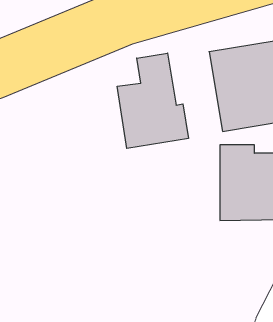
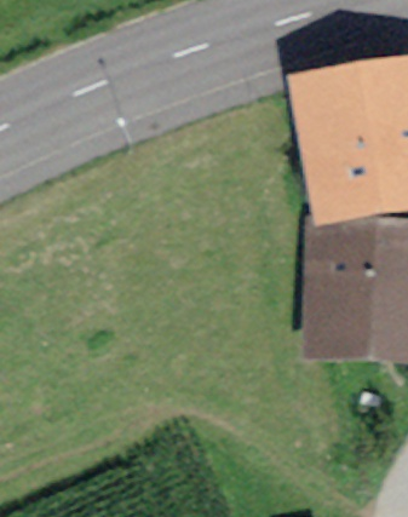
building: [117,53,188,148] -> none

